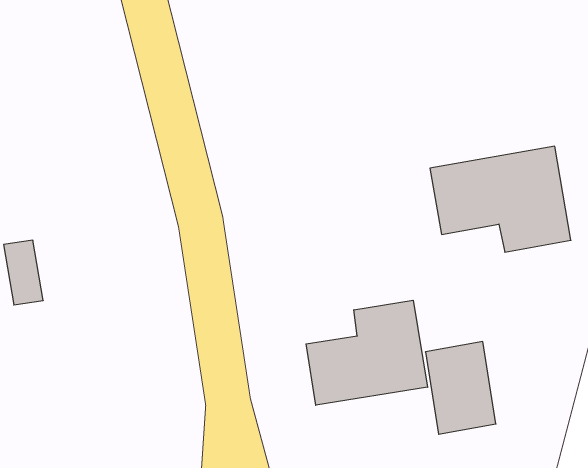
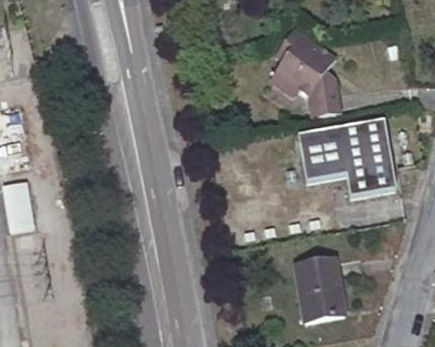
building: none -> [273,25,338,117]
building: [306,300,428,405] -> none

